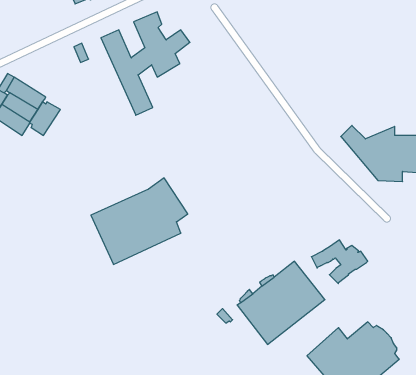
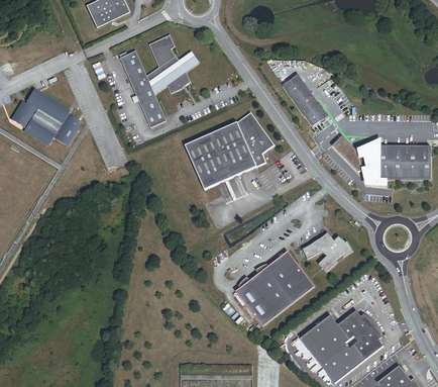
building: none -> [282,72,328,126]
building: [91,178,188,264] -> [183,109,269,187]

